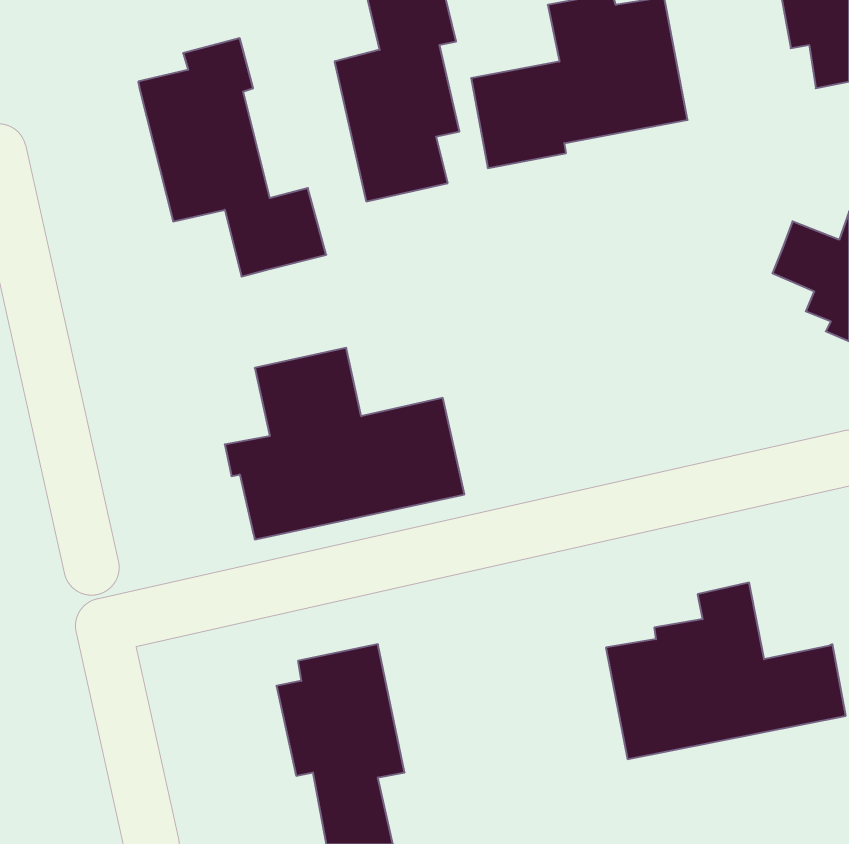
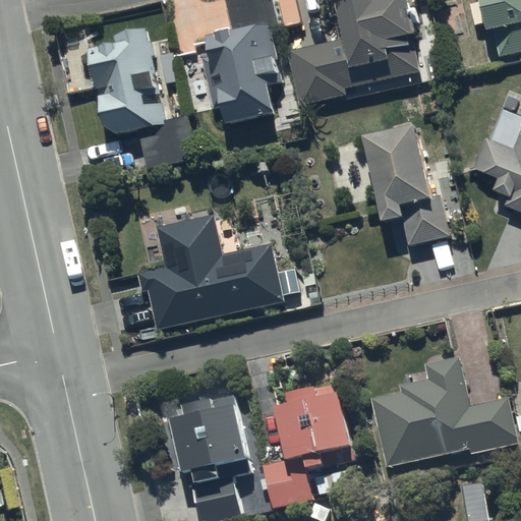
building: none -> [361,126,450,243]
building: none -> [260,384,352,507]

